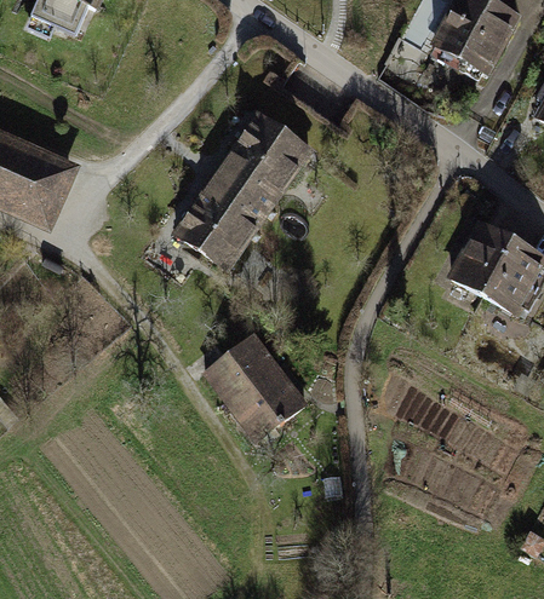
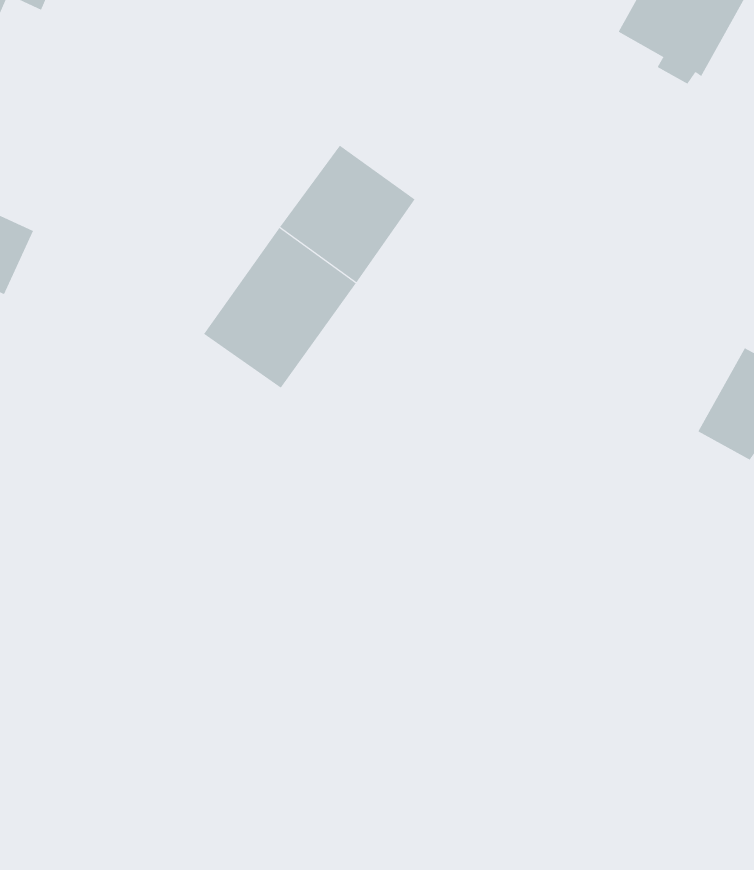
building: [451,224,512,293] -> none
building: [205,333,303,432] -> none

